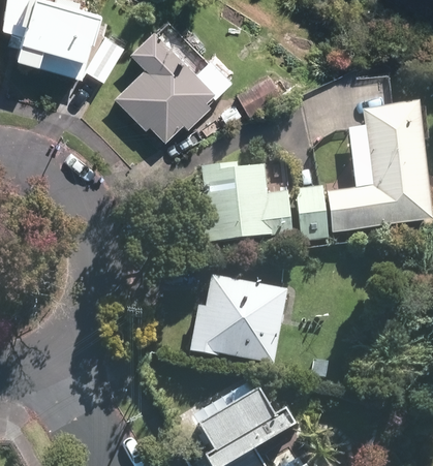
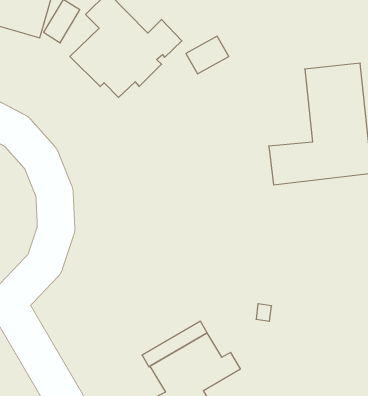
building: [202,163,292,244] -> none
building: [295,186,328,242] -> none
building: [190,275,287,365] -> none

